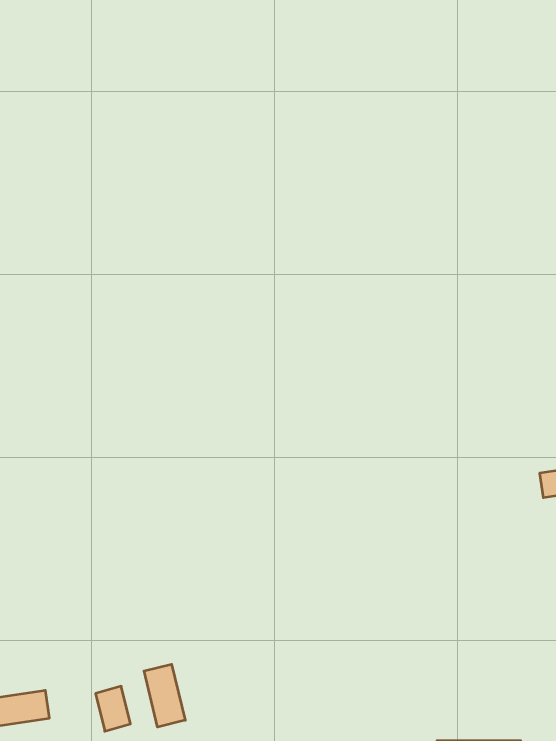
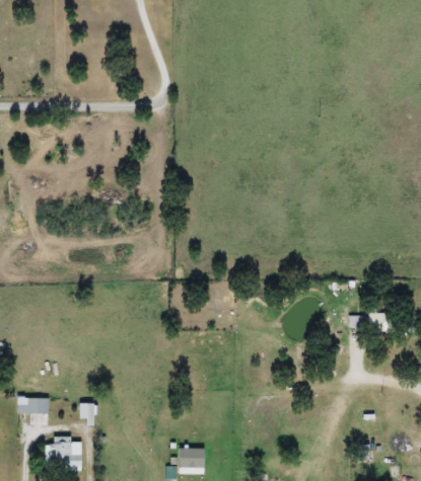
building: [144,664,185,727] -> none

